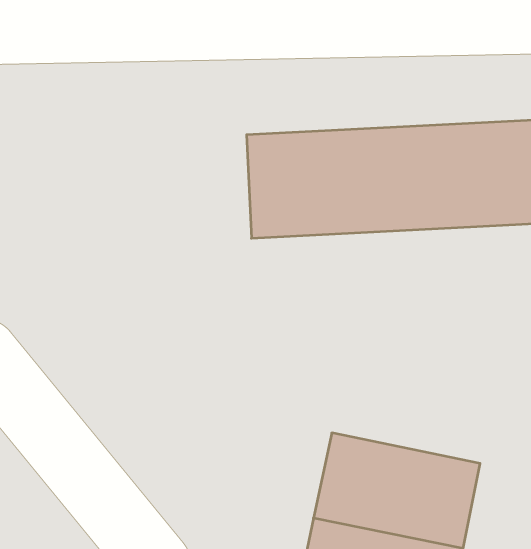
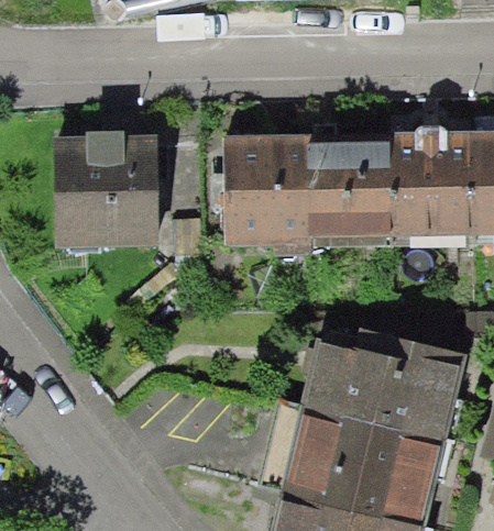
building: none -> [53,153,161,244]
building: none -> [305,339,454,442]

